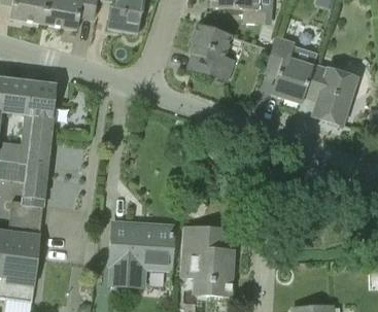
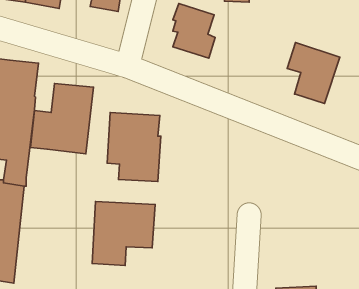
building: [264,39,313,104] -> none
building: none -> [30,84,94,154]
building: [180,227,234,296] -> [107,112,161,182]

